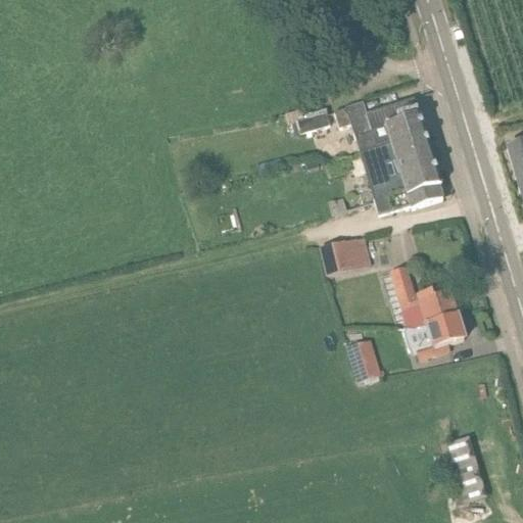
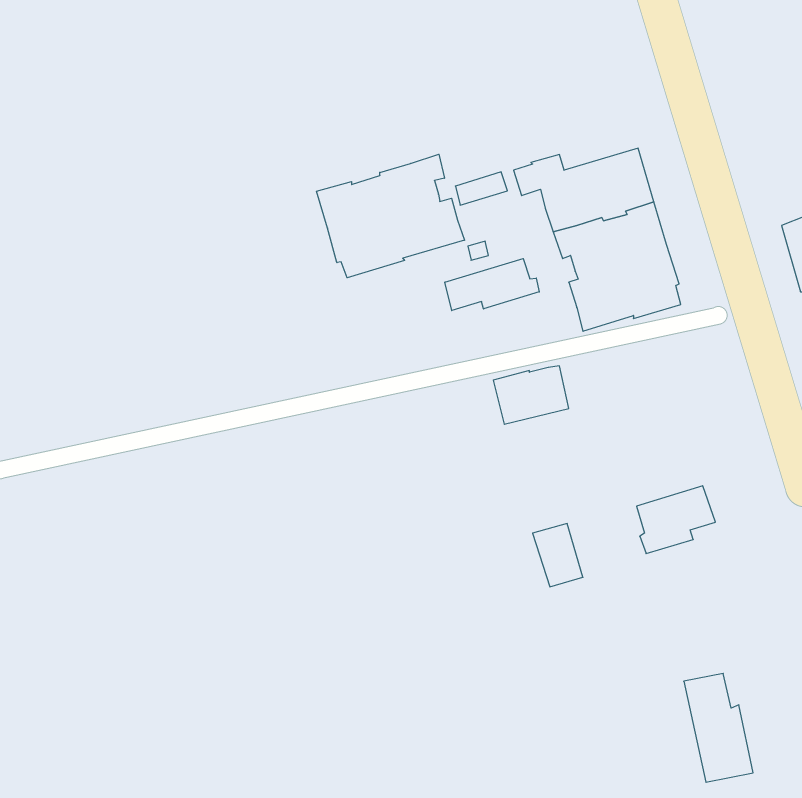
building: none -> [316,154,465,278]
building: none -> [445,259,539,311]
building: [392,266,458,328] -> none

